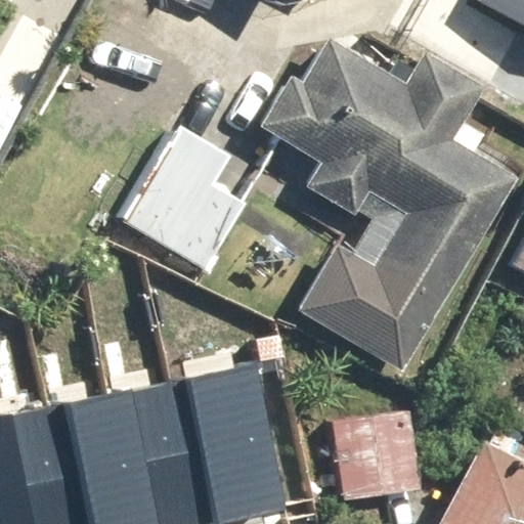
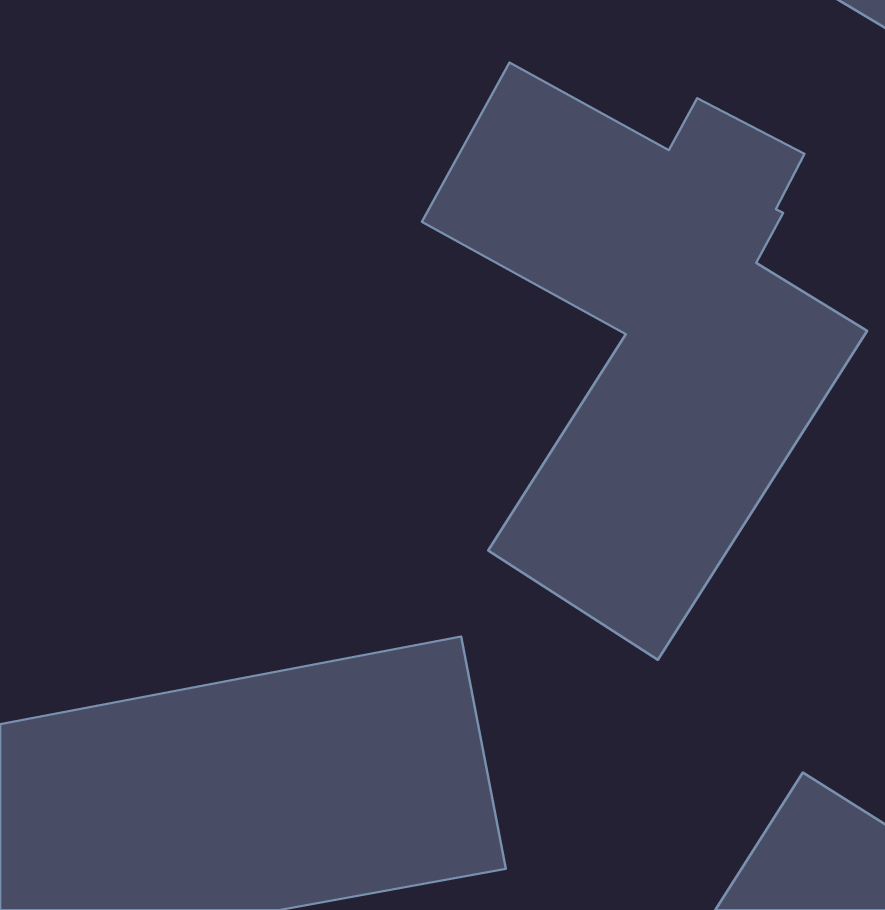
building: [128,130,263,277] -> none
building: [326,412,421,493] -> none

